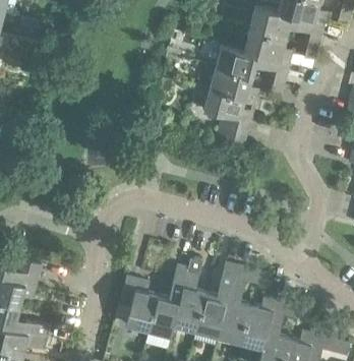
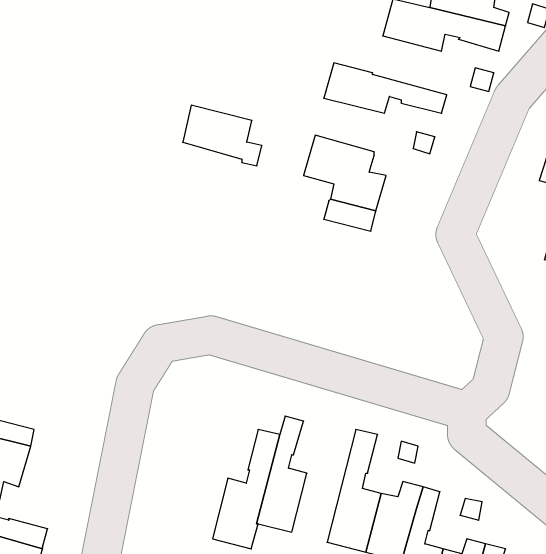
building: [244,27,292,63] -> none
building: [210,65,257,102] -> [183,105,262,166]
building: [195,262,234,334] -> none
building: [117,277,157,332] -> none

